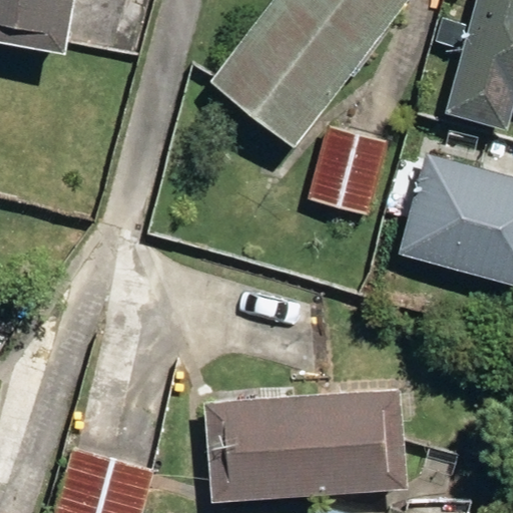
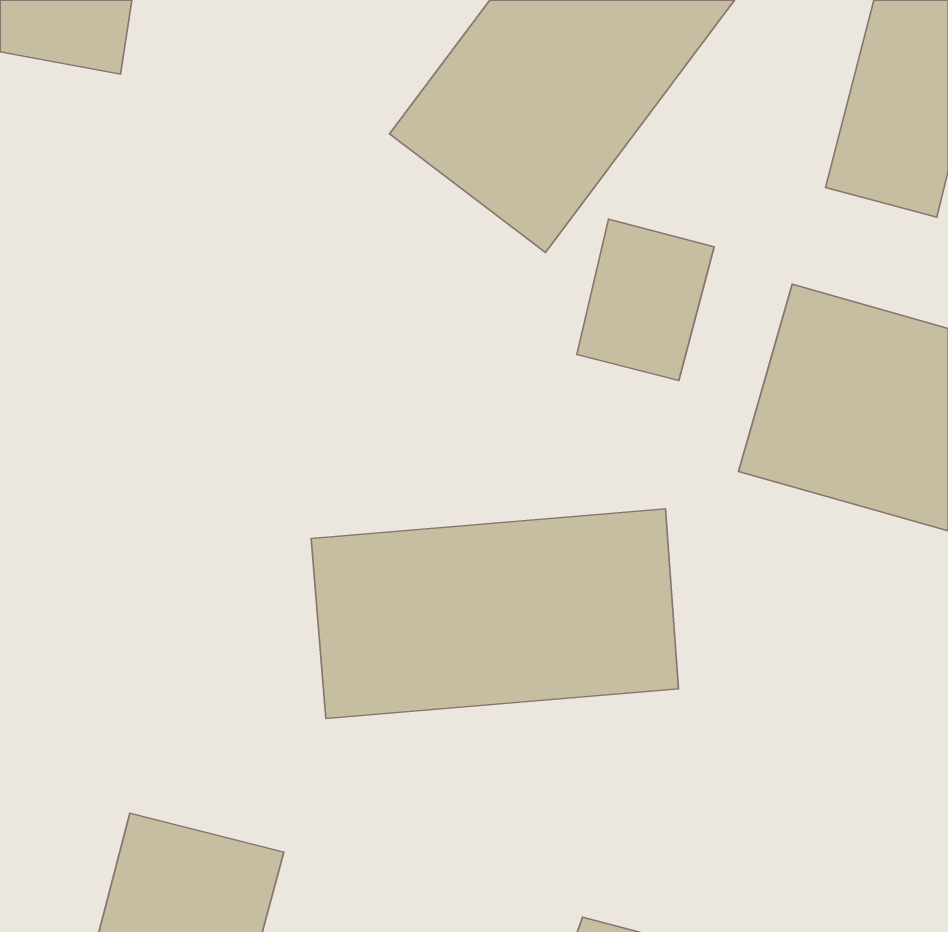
building: [207,389,406,502] -> [311,509,678,719]

